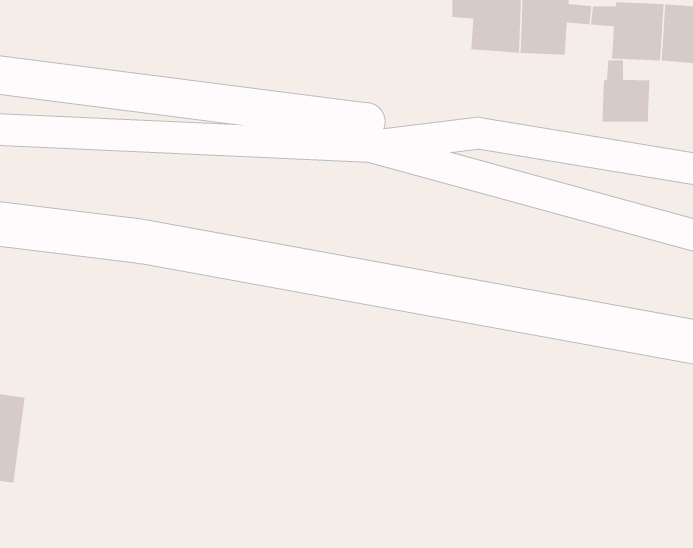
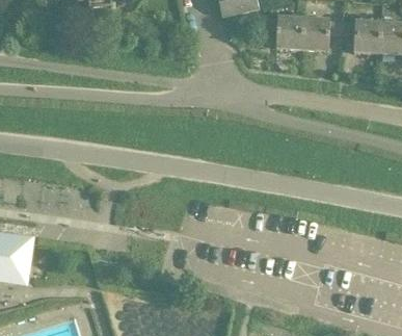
building: [602,59,650,123] -> none

